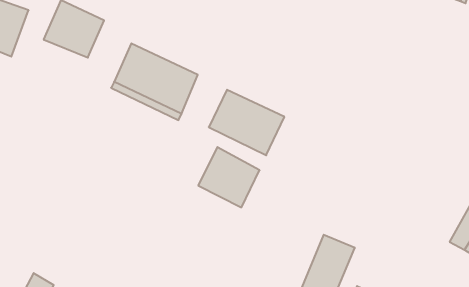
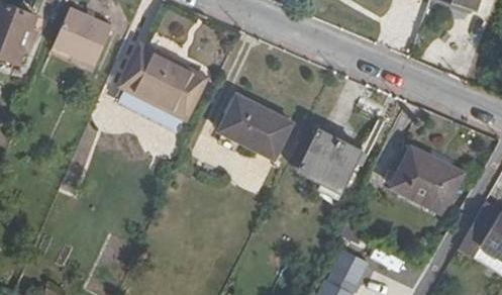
building: none -> [394,150,464,213]
building: [198,147,260,207] -> [300,128,362,189]

